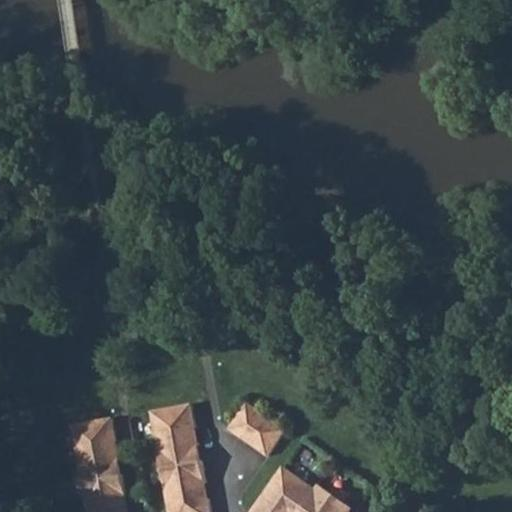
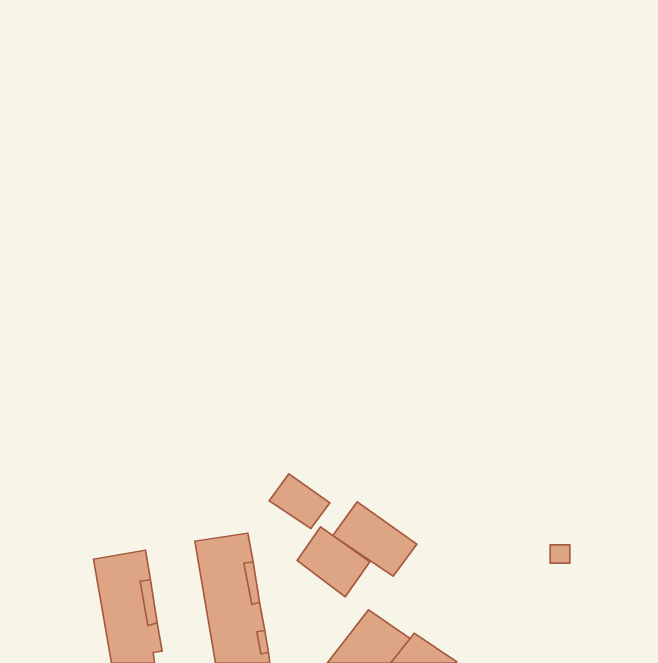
building: none -> [269,474,330,529]
building: none -> [333,502,417,576]

